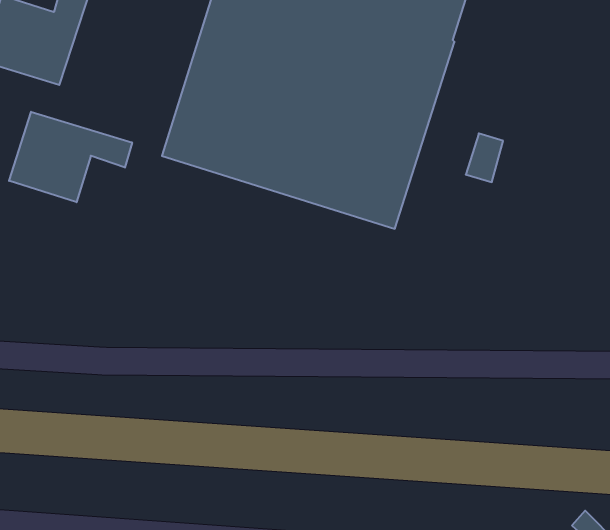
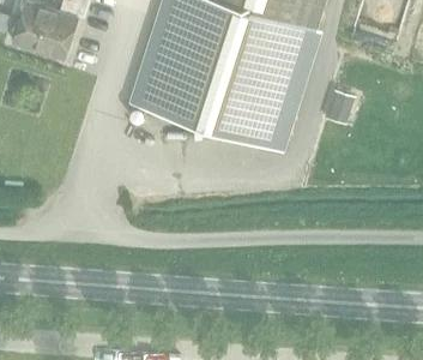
building: [9,112,132,202] -> none

